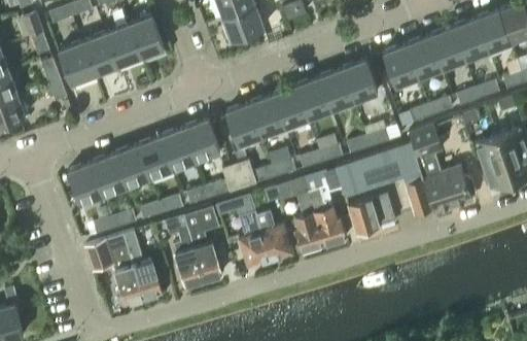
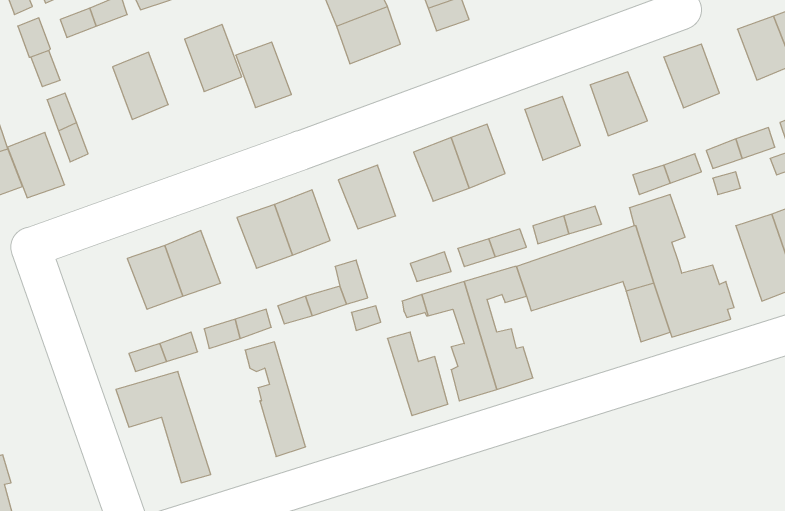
building: [453,19,488,59] -> none
building: [105,25,140,66] -> [236,42,291,108]
building: [407,36,442,76] -> none
building: [59,42,95,83] -> [7,132,65,198]
building: [318,69,353,109] -> none
building: [249,96,284,136] -> none
building: [138,137,173,178] -> none
building: [236,160,274,187] -> none
building: [68,163,104,204] -> none
building: [348,194,395,234] -> none
building: [184,206,222,281] -> none
building: [239,212,271,269] -> none
building: [124,231,162,299] -> none

